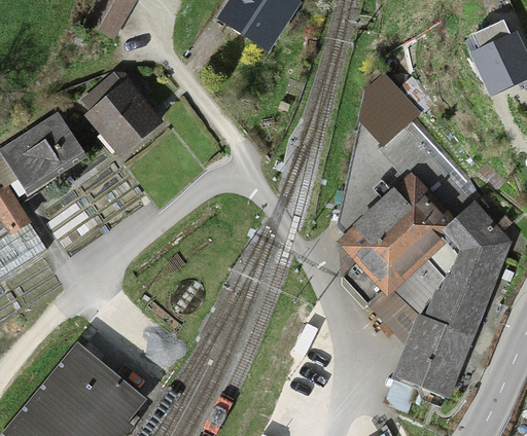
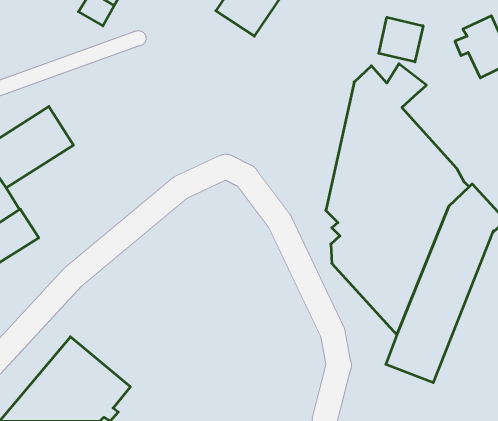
building: none -> [379,17,423,62]
building: [84,74,153,148] -> none

